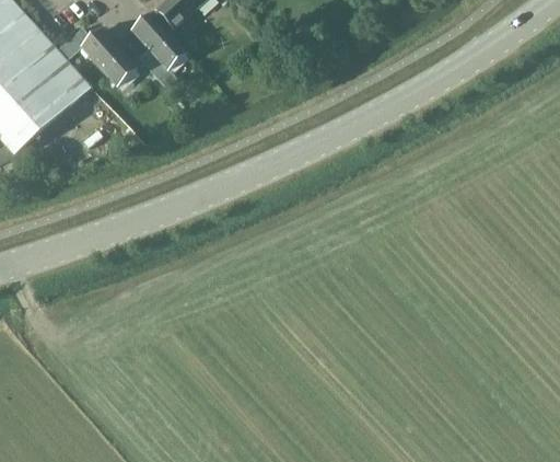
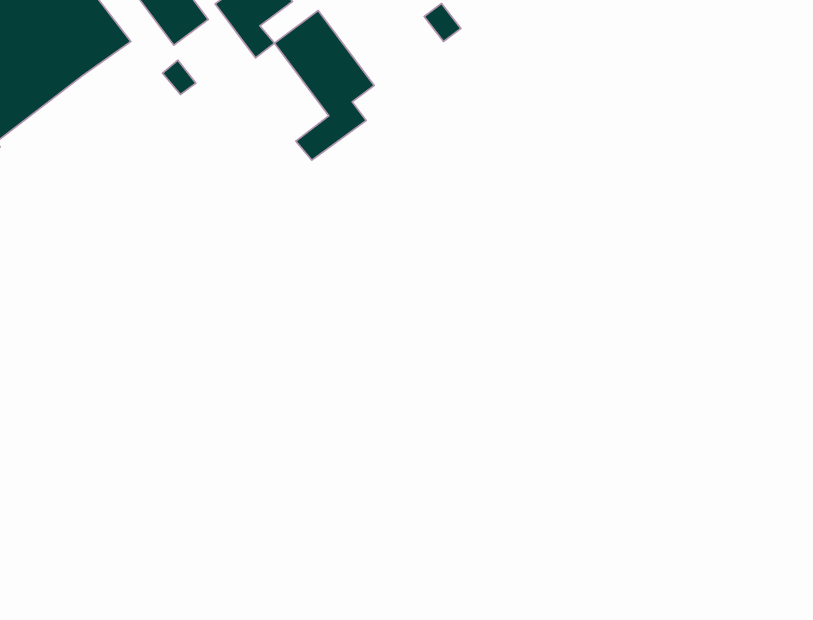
building: none -> [275,11,374,160]

